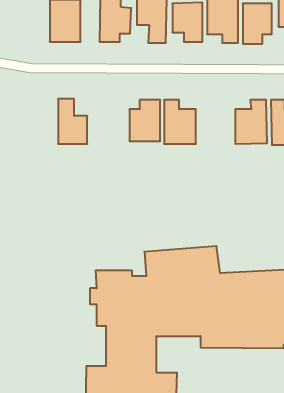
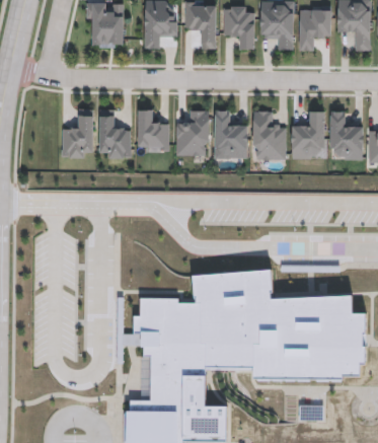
building: none -> [62,108,93,158]
building: none -> [138,109,169,150]
building: none -> [252,112,286,160]

